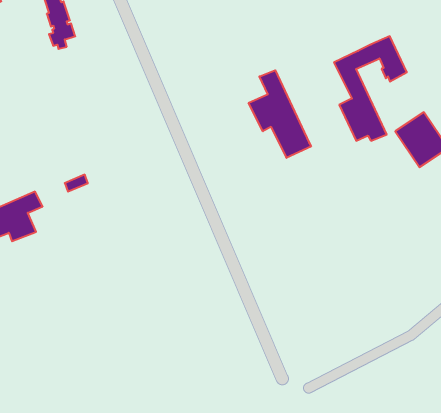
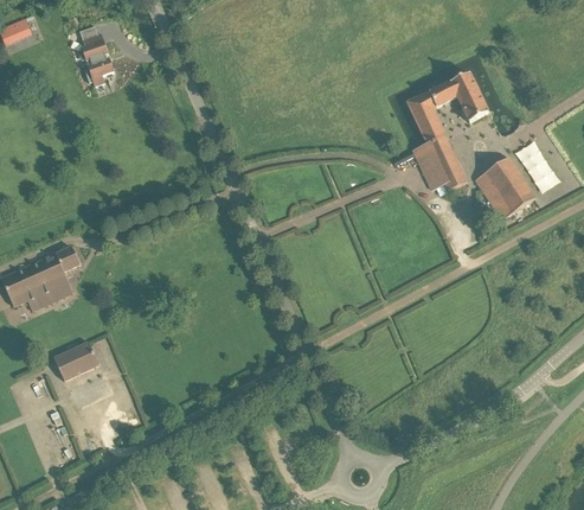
building: [249,70,311,158] -> none
building: none -> [54,342,100,381]

